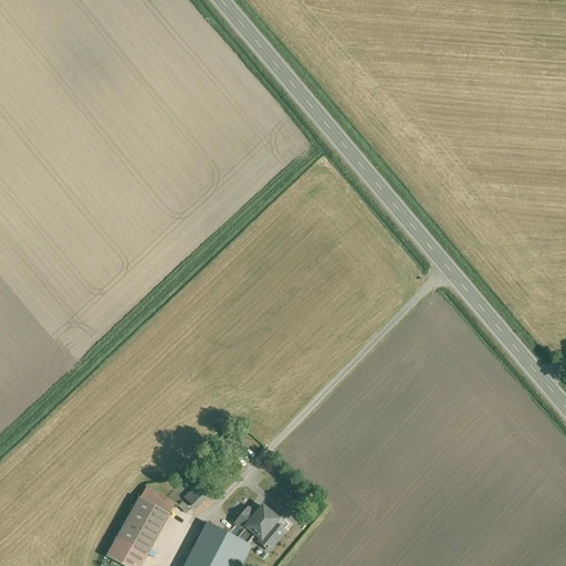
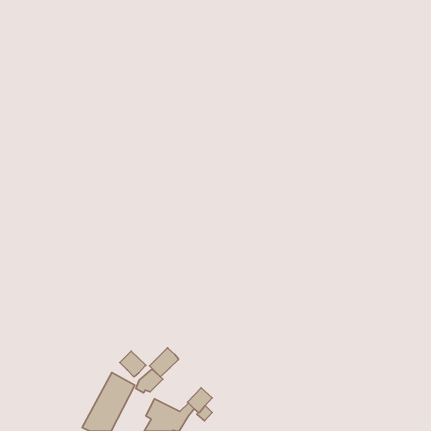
building: none -> [149,348,178,377]
building: none -> [120,351,146,377]

